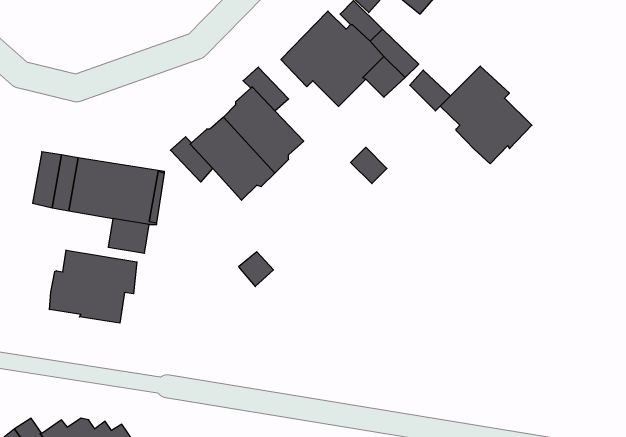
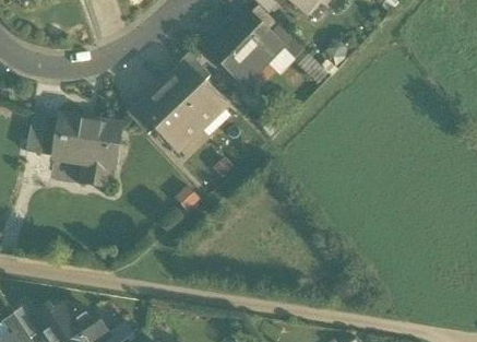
building: [440,66,532,164] -> none
building: [49,250,137,323] -> none

